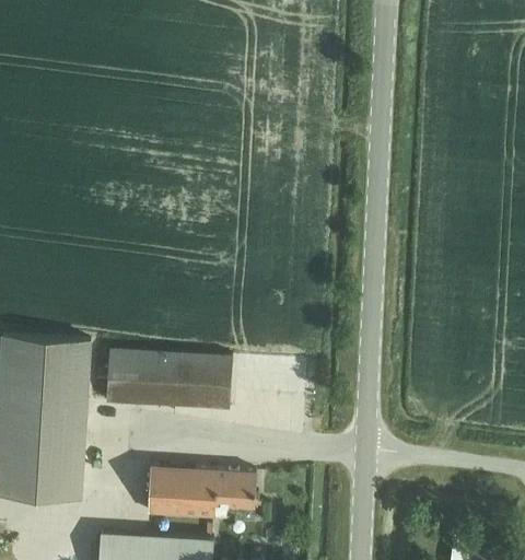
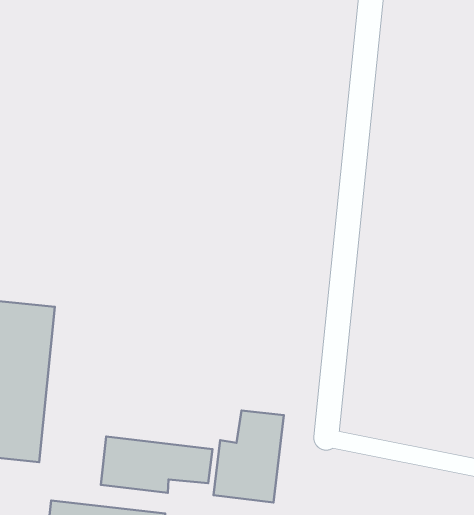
building: [106,351,231,408] -> none
building: none -> [213,410,284,503]

